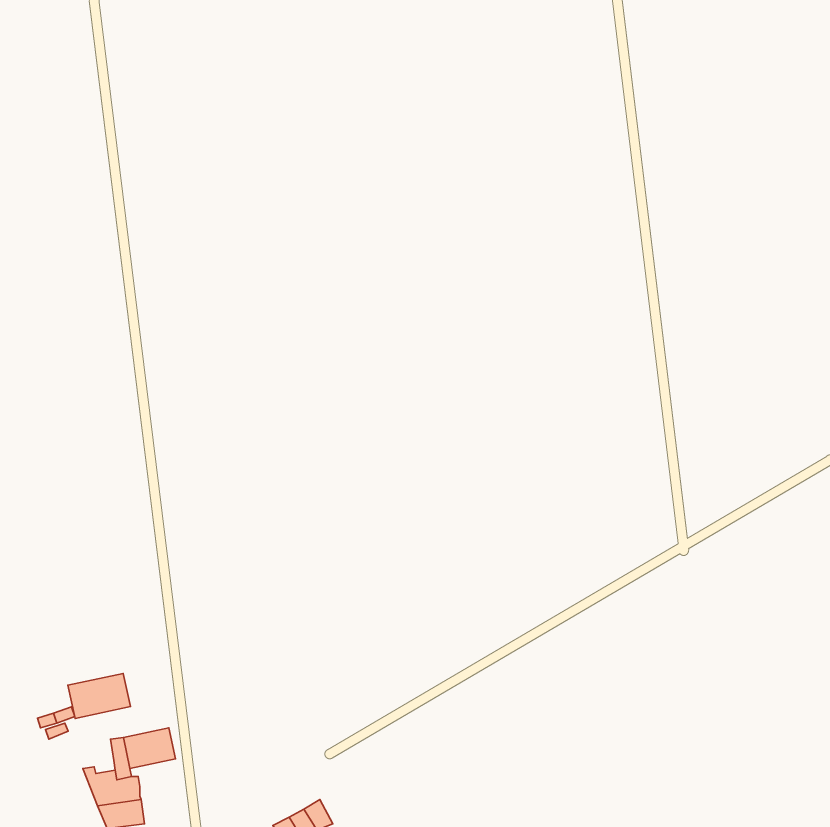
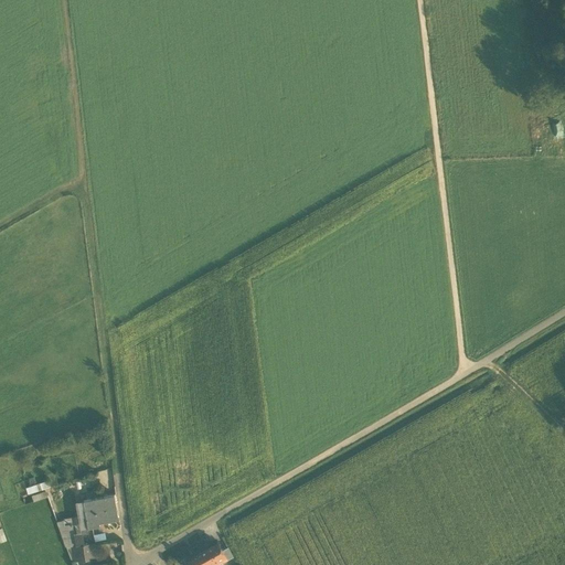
building: [68,673,130,718] -> none

